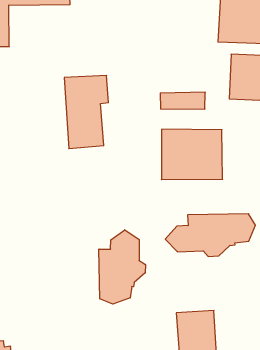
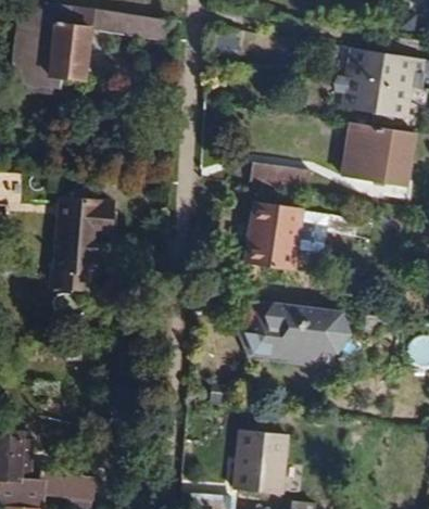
building: [64,75,108,149] -> [54,196,113,287]
building: [99,230,145,304] -> none

